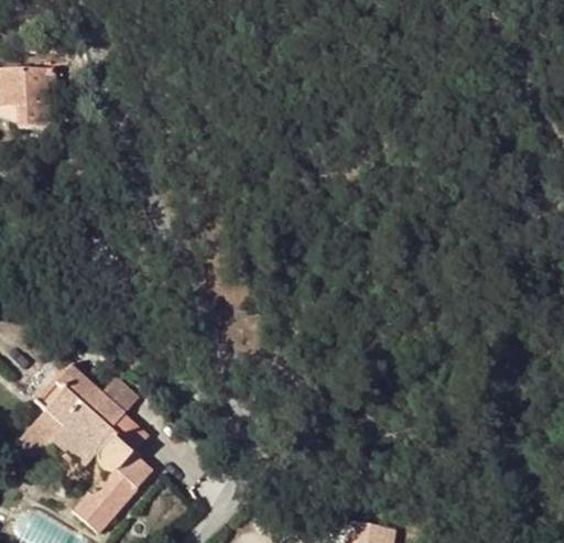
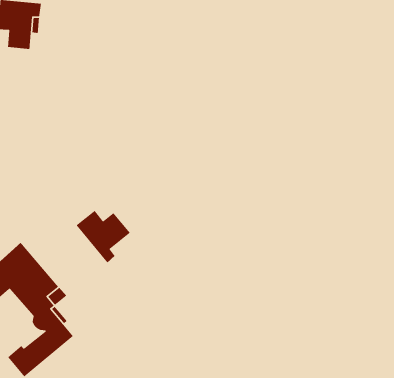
building: none -> [75,210,131,263]

